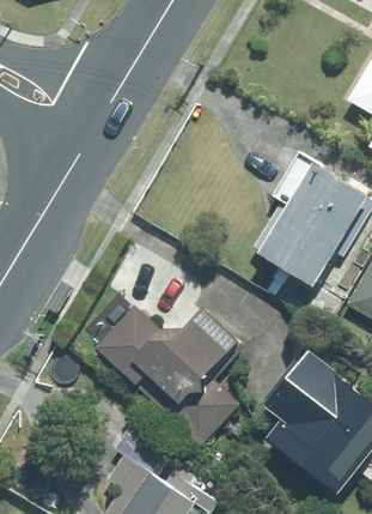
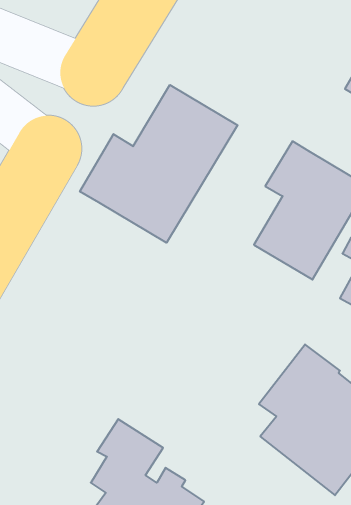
building: none -> [80,85,238,243]
building: [93,303,243,443] -> none

